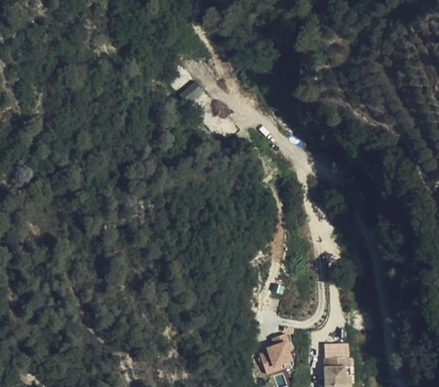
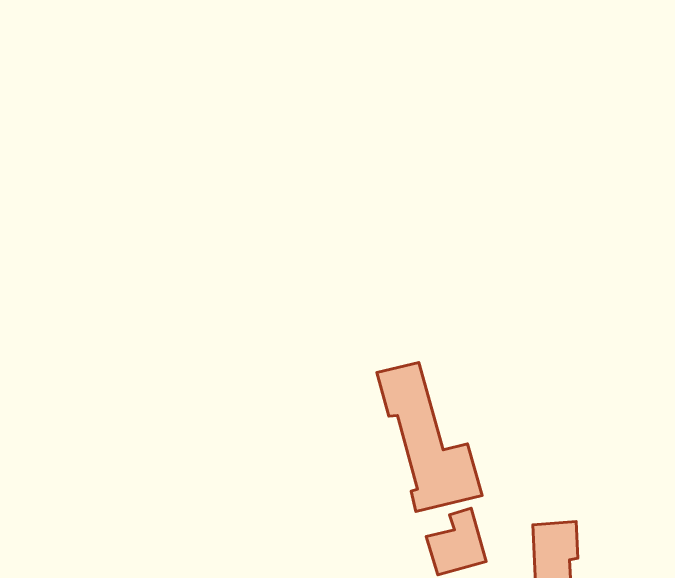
building: none -> [377,363,482,511]

